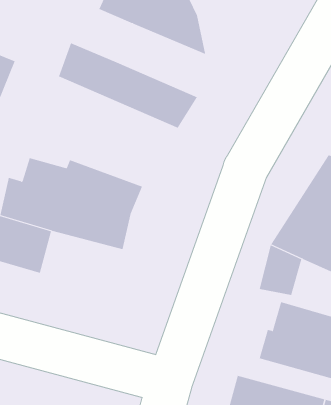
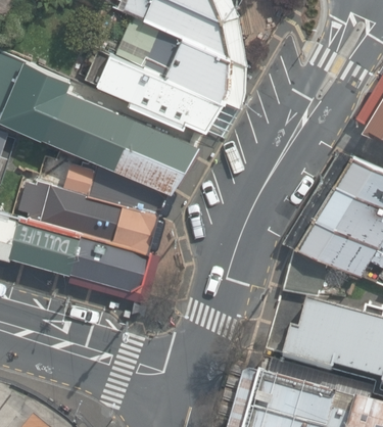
building: none -> [144,29,232,101]
building: none -> [43,88,200,189]
building: none -> [68,233,150,291]

